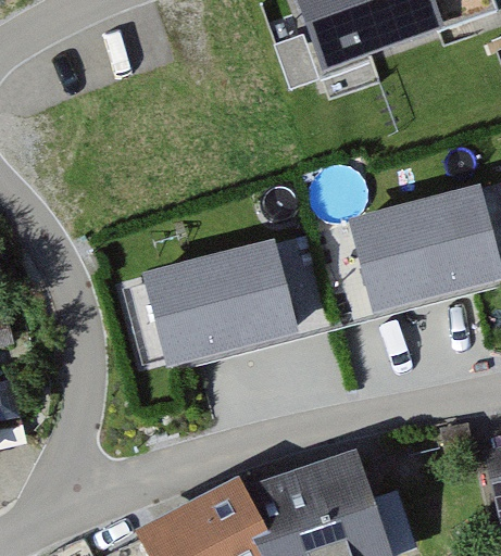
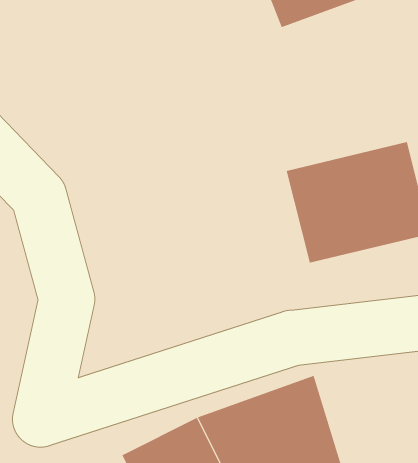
building: [135,235,302,378] -> none

